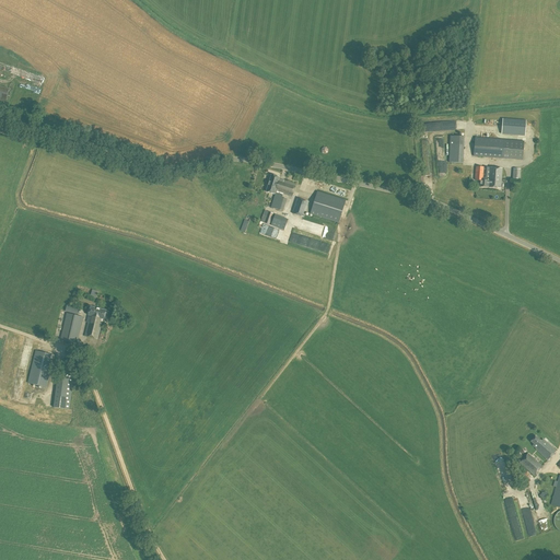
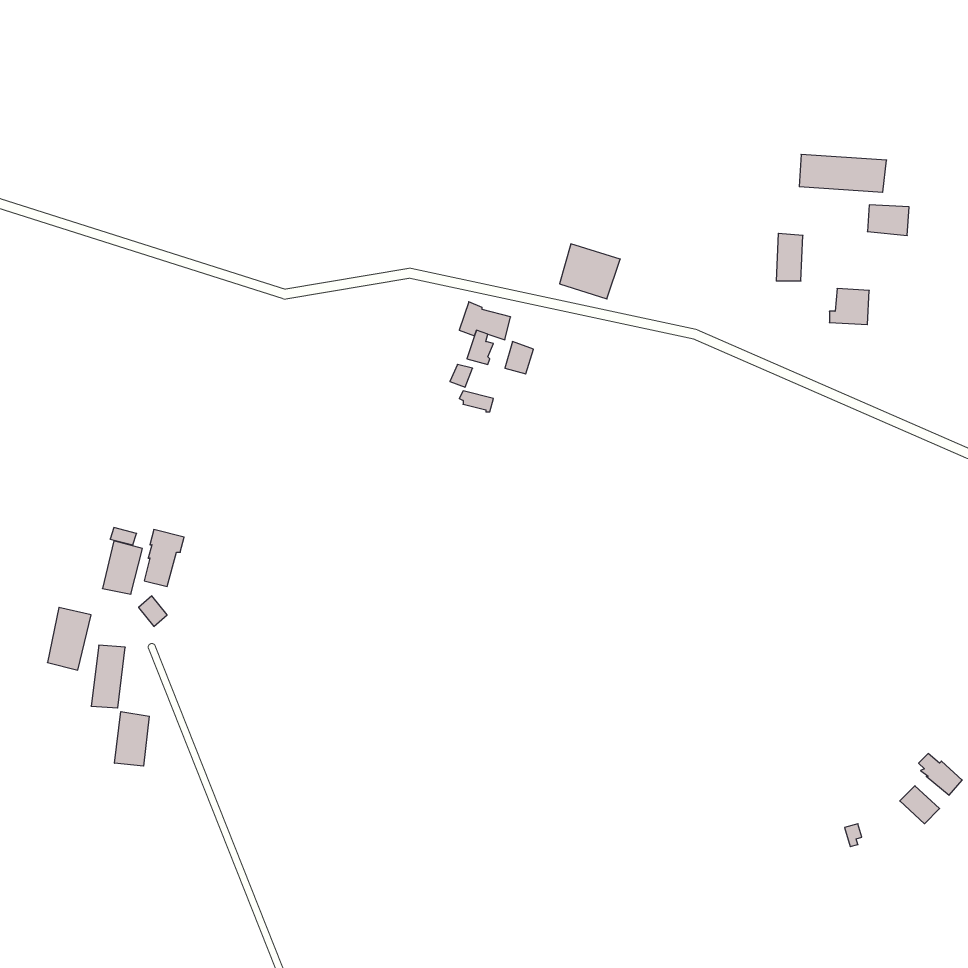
building: [472,137,523,159] -> [799,154,887,192]
building: [310,190,345,222] -> [560,244,620,299]
building: none -> [115,712,149,766]

